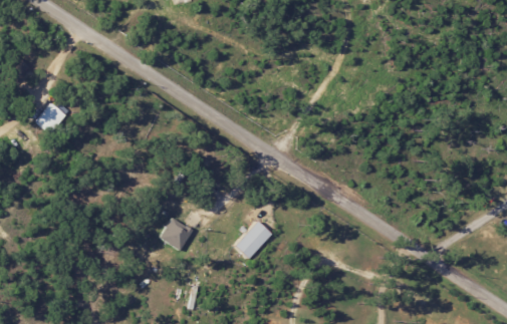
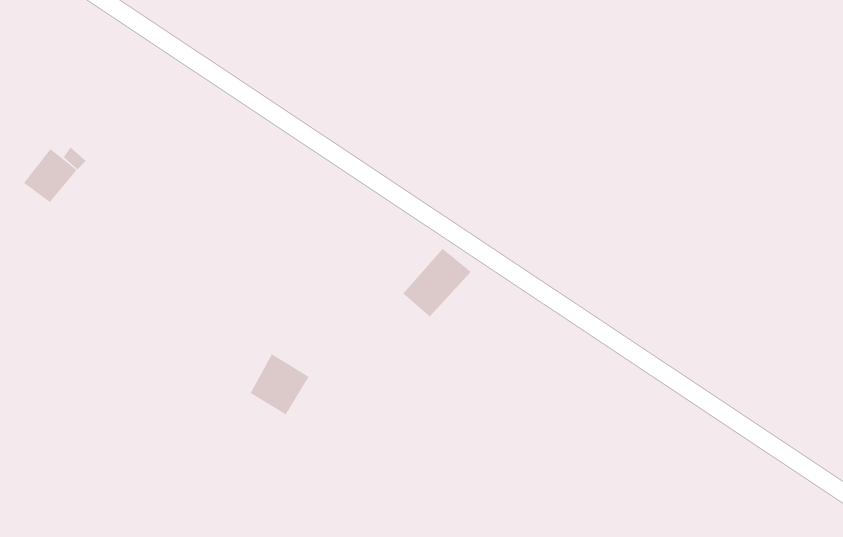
building: [234,221,272,259] -> [402,248,471,317]

